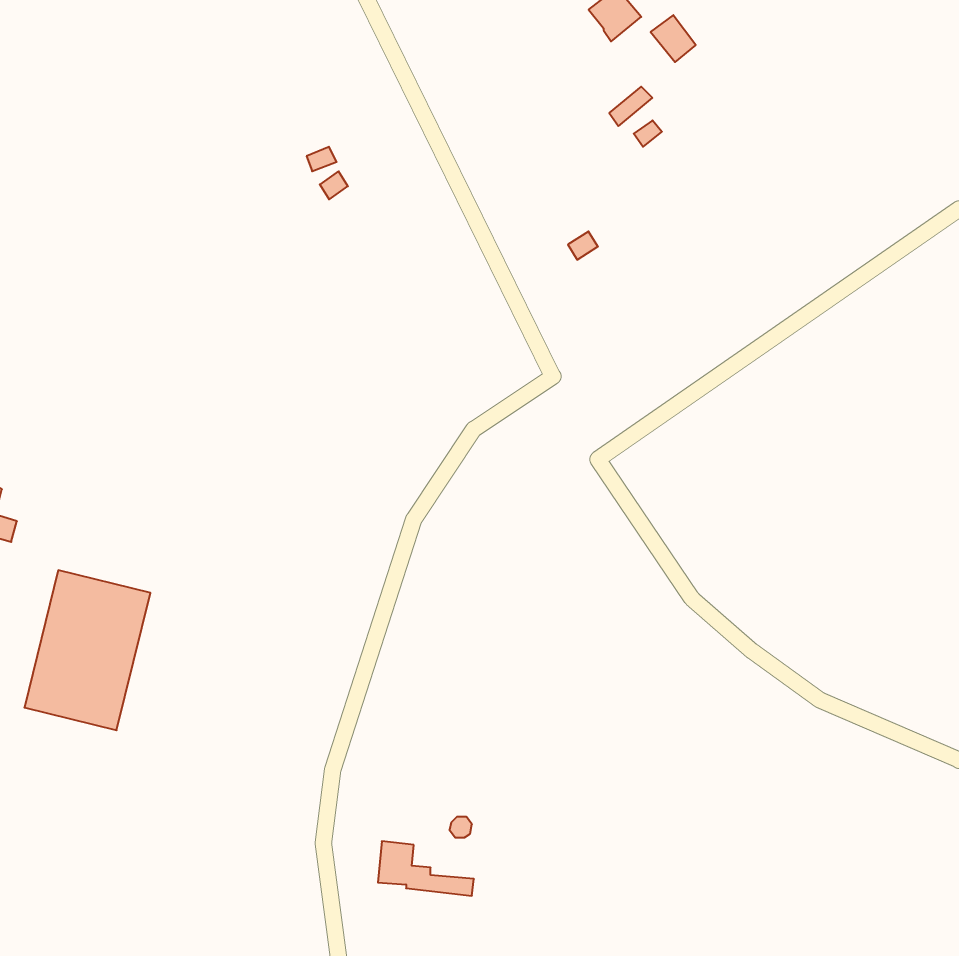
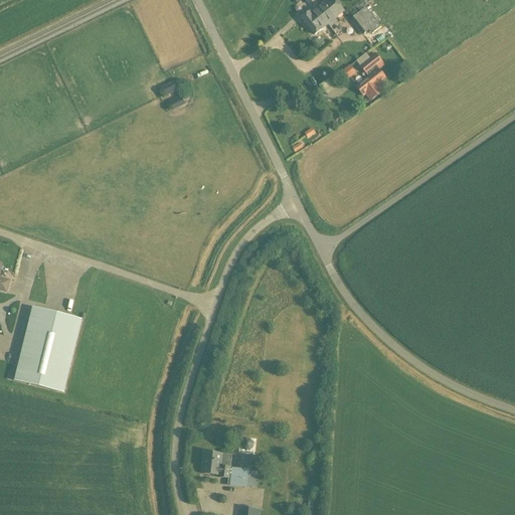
building: none -> [301,5,327,32]
building: none -> [355,49,384,99]

